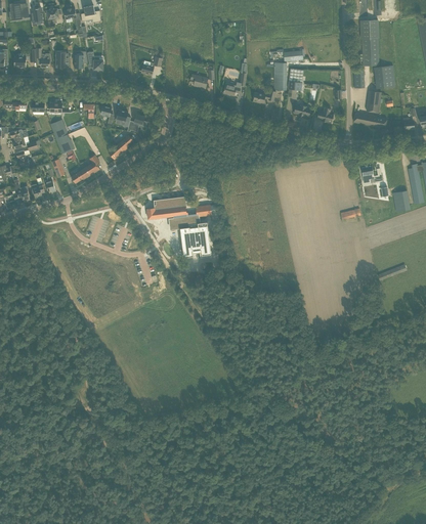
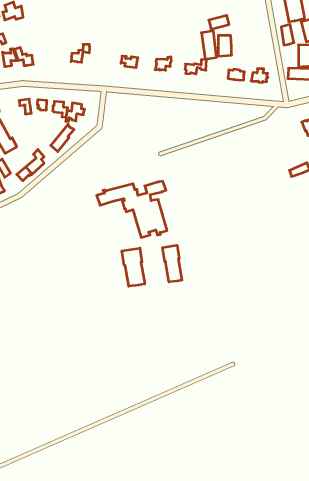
building: none -> [122,248,145,286]
building: none -> [163,245,182,282]

